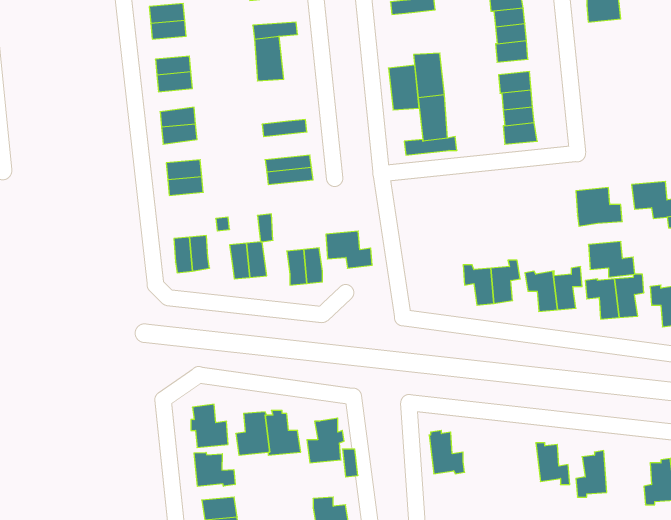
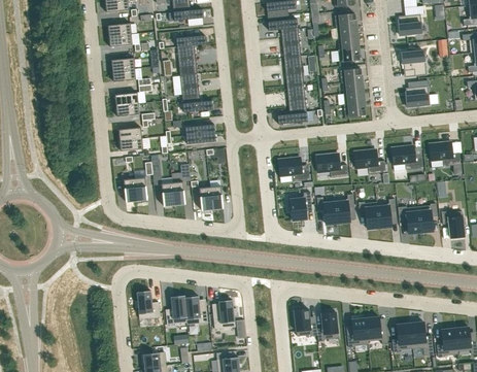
building: none -> [401,49,425,75]
building: [388,65,419,110] -> [280,27,301,57]
building: none -> [179,73,200,103]
building: none -> [406,86,429,106]
building: none -> [316,153,347,177]
building: [326,231,372,268] -> [278,157,309,181]
building: [588,242,635,277] -> [354,149,385,173]
building: none -> [287,192,311,219]
building: none -> [316,310,338,341]
building: none -> [347,315,368,347]
building: none -> [410,320,433,354]
building: [194,452,235,486] -> none

